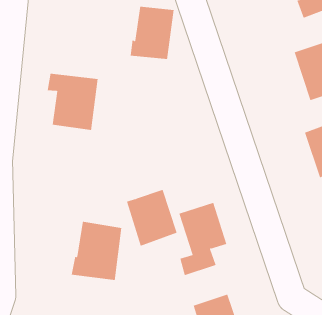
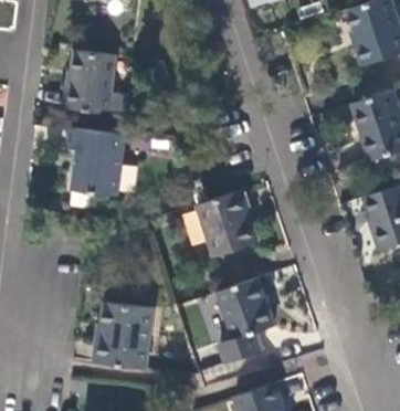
building: [130,6,175,60] -> [63,51,115,113]
building: [126,189,177,246] -> [197,190,256,256]

